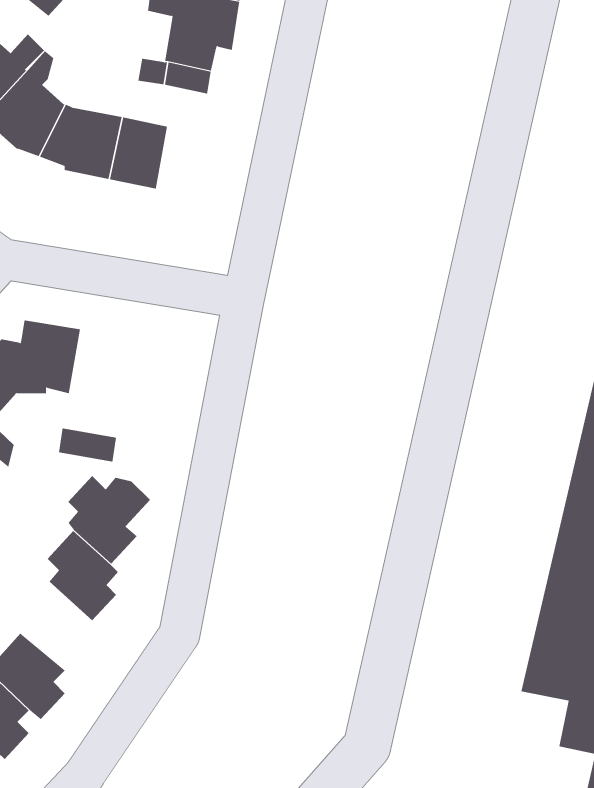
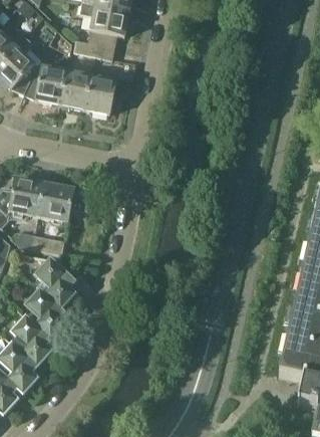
building: none -> [85,76,116,115]
building: none -> [39,184,91,223]
building: none -> [13,317,51,365]

